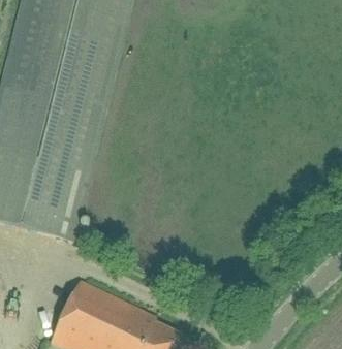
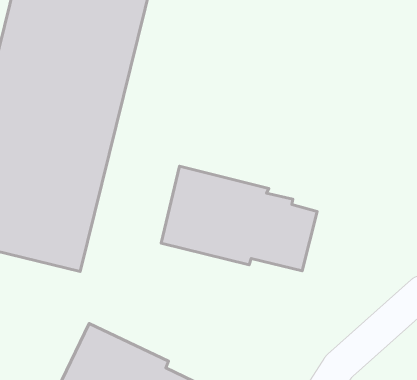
building: none -> [161,166,317,271]

